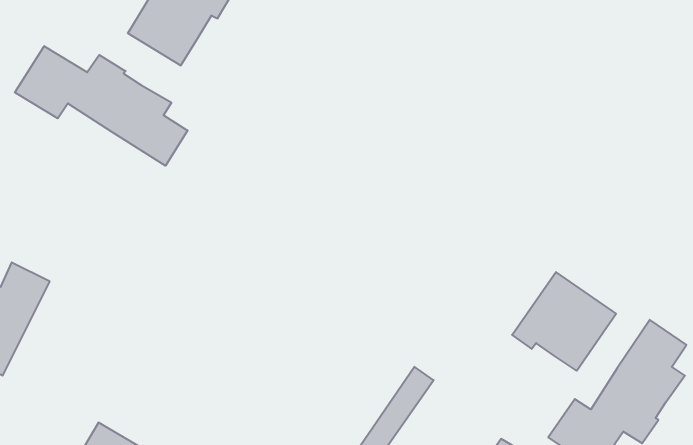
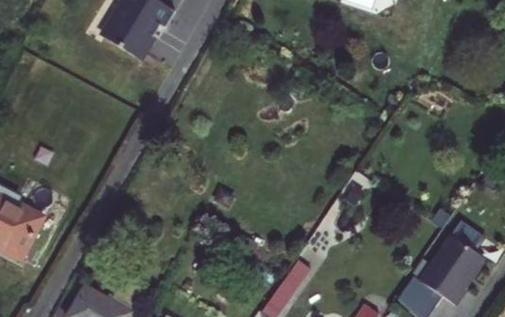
building: [15,46,188,166] -> none
building: [512,272,616,371] -> none

